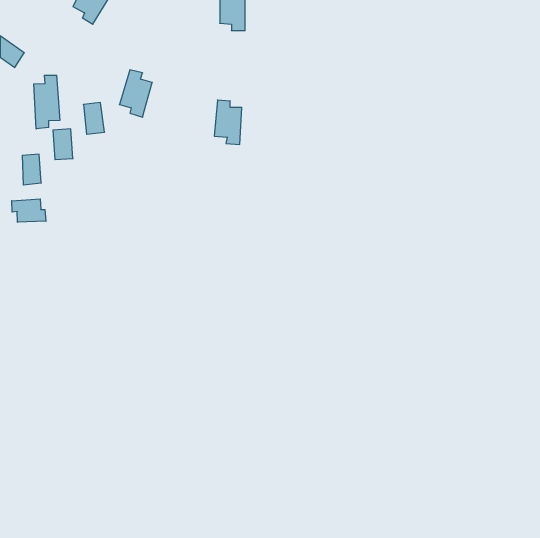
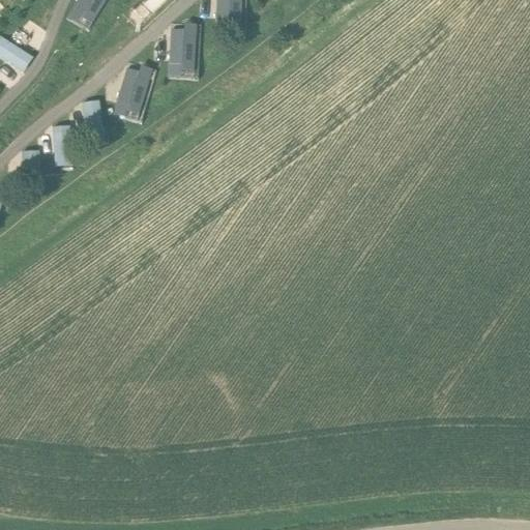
building: [34,75,60,129] -> none
building: [214,100,242,144] -> [168,29,195,72]
building: [12,199,46,222] -> none

